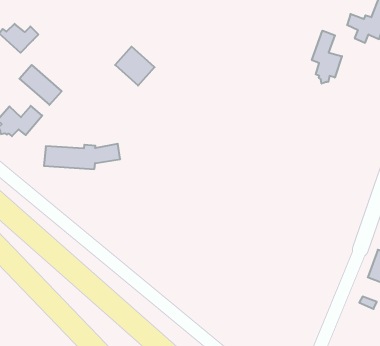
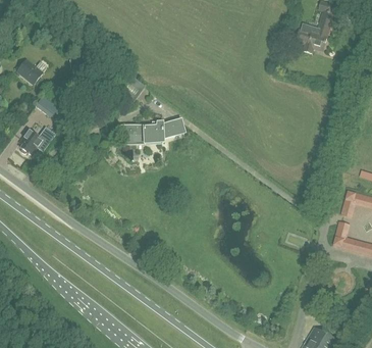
building: [312,31,342,84] -> none
building: [44,144,120,169] -> [121,119,183,143]

